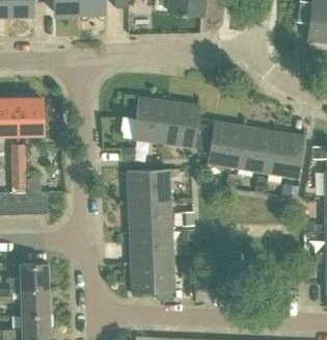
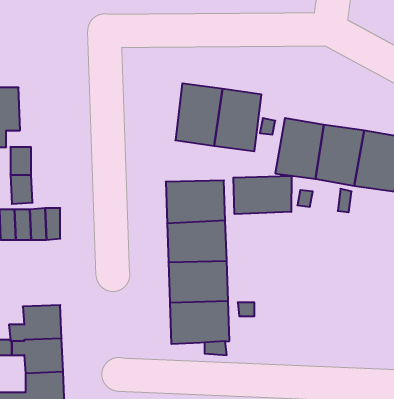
building: [17,99,44,132] -> none
building: none -> [233,176,291,214]

